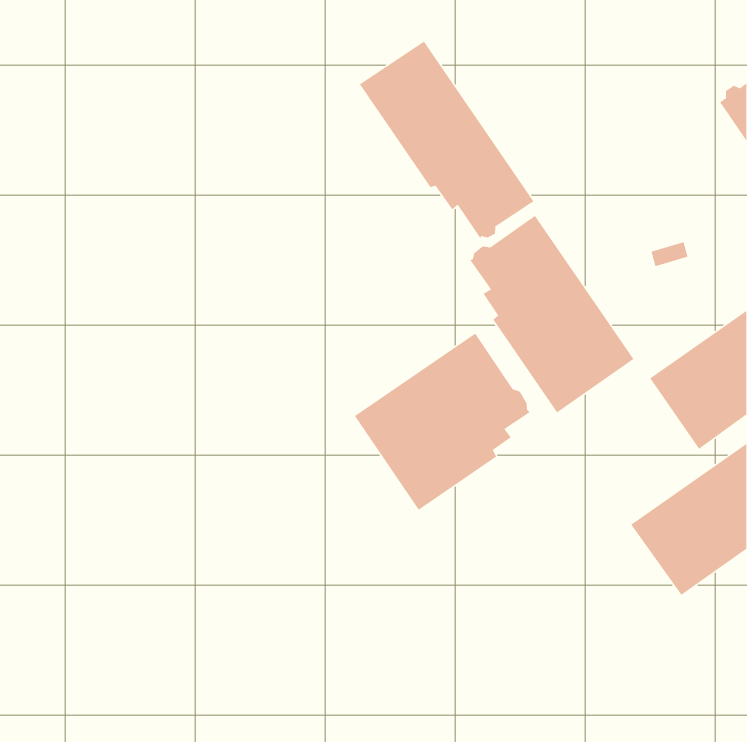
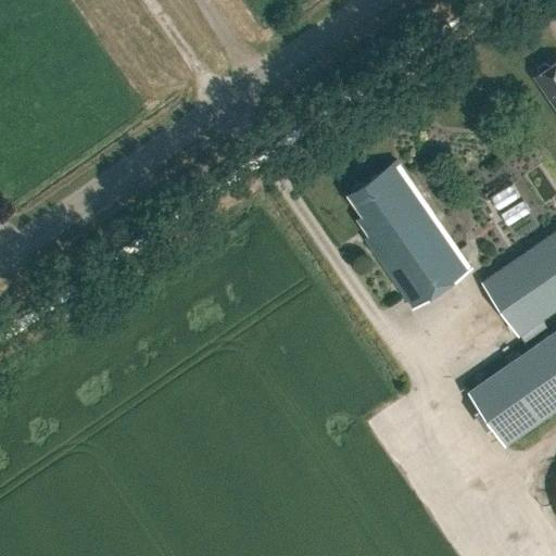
building: [359,40,535,239] -> none
building: [354,332,530,511] -> none

